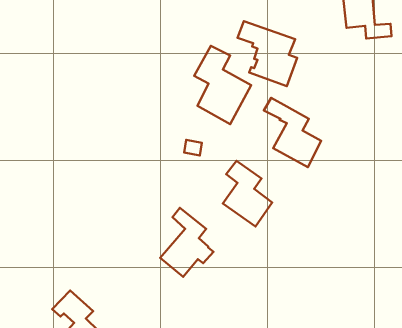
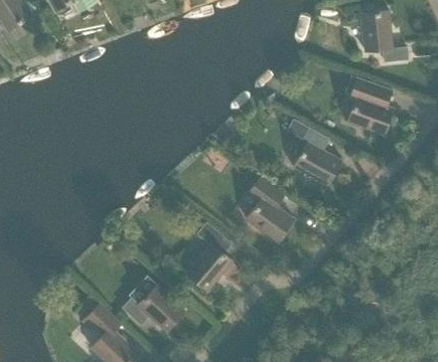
building: [238,21,297,86] -> [336,72,394,135]
building: [194,46,251,124] -> none
building: none -> [122,285,184,332]

